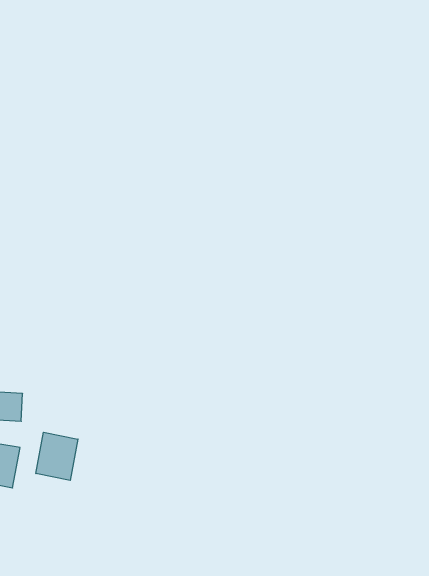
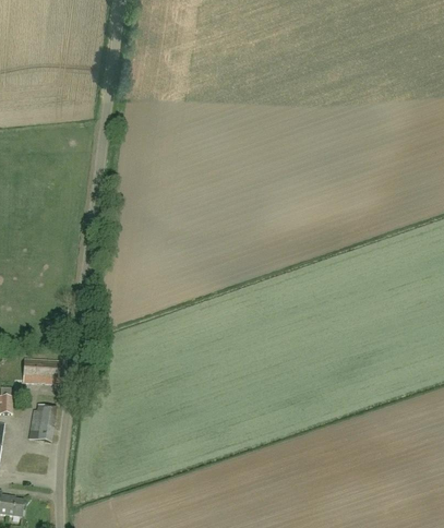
building: [36,432,78,480] -> none

